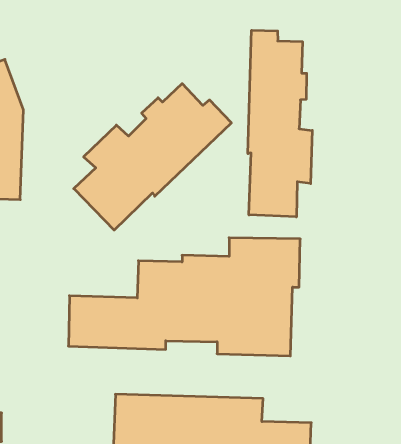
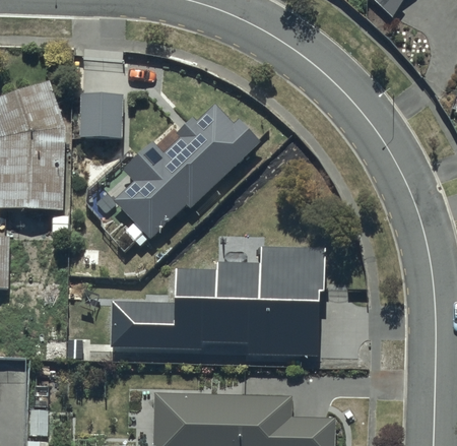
building: [248,30,312,217] -> none
building: none -> [78,92,122,137]

